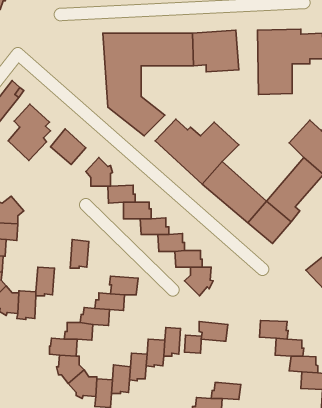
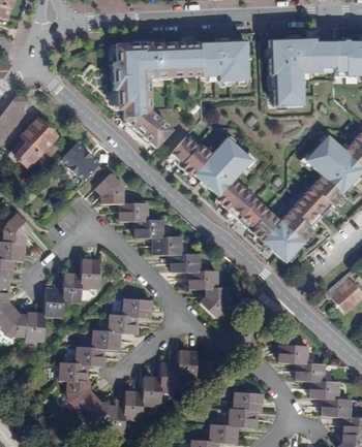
building: none -> [61,274,80,304]
building: [199,321,228,341] -> [232,390,262,411]

